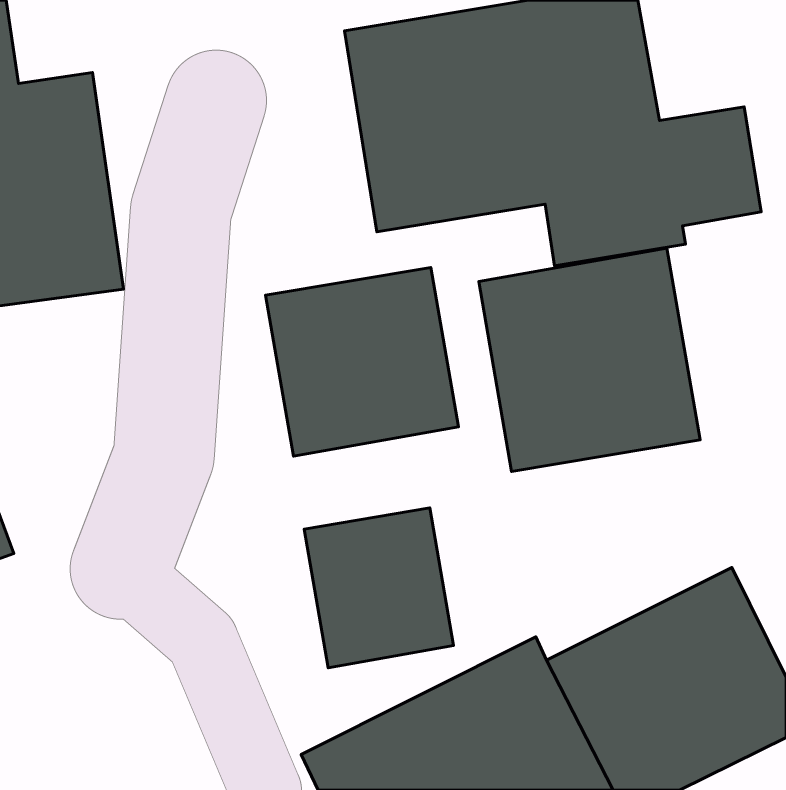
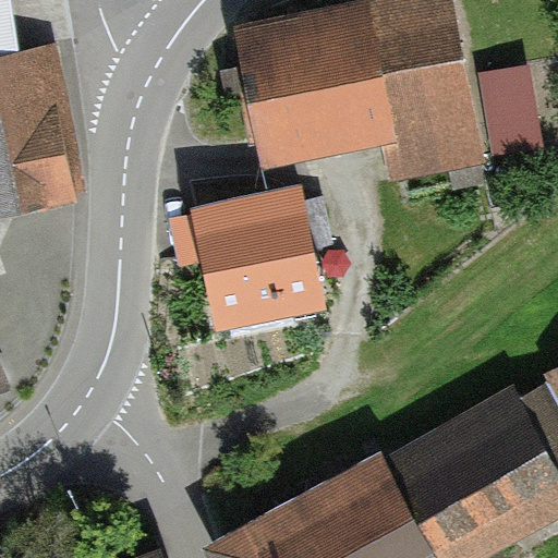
building: [479,248,700,472] -> none
building: [304,508,453,668] -> none

